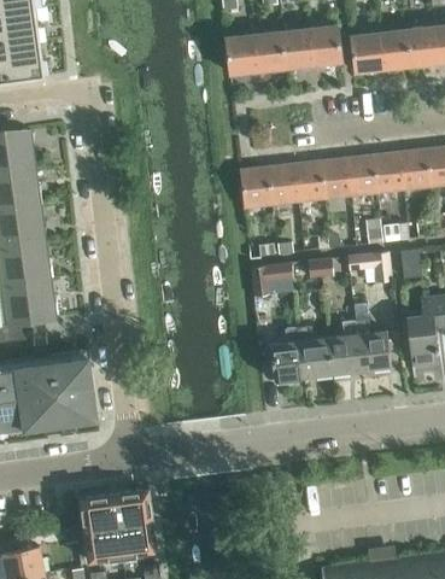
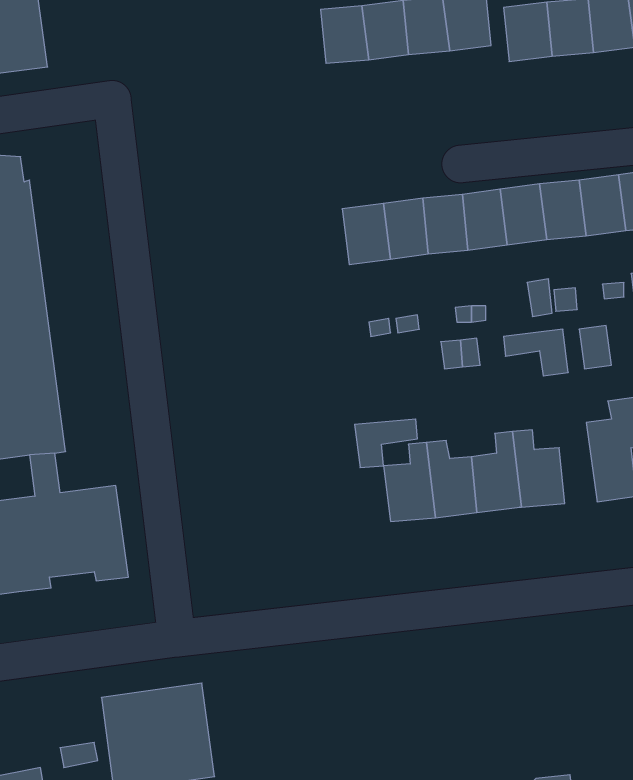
building: [251,264,293,297] -> [355,419,417,468]

